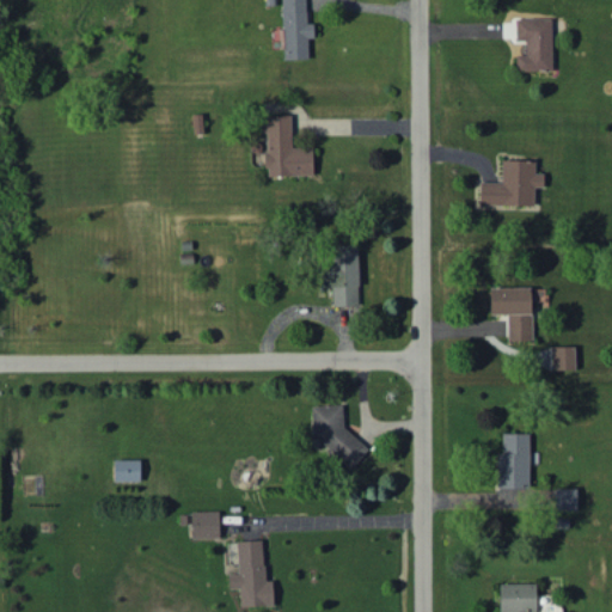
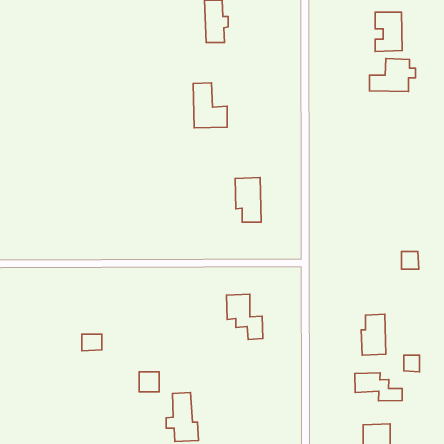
building: [481,160,544,206] -> [369,59,416,92]
building: [490,287,533,343] -> none
building: none -> [355,373,402,401]

